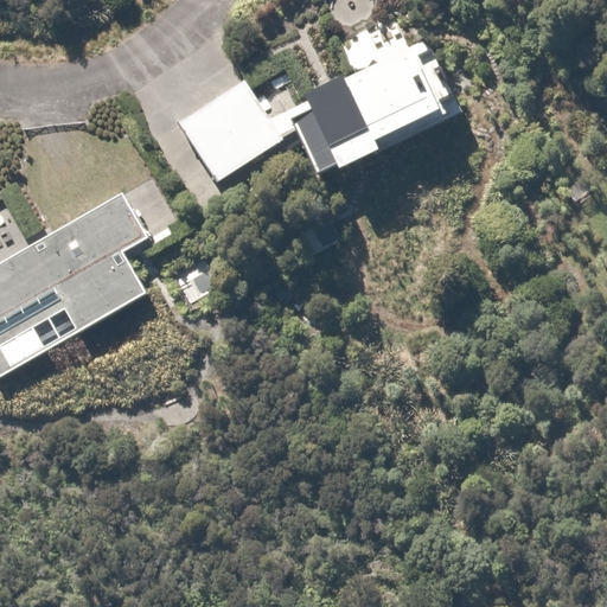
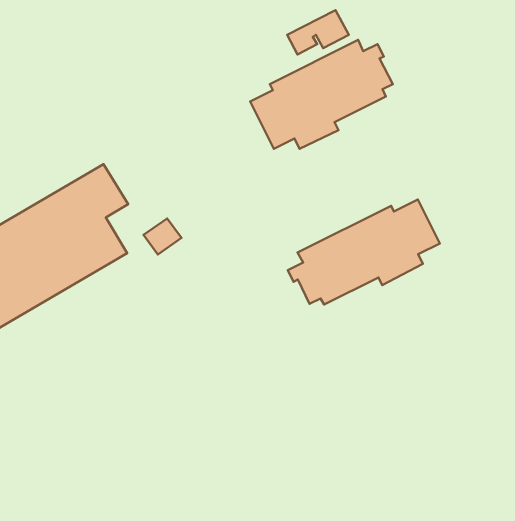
building: [175,76,281,181] -> none
building: none -> [288,200,440,305]

